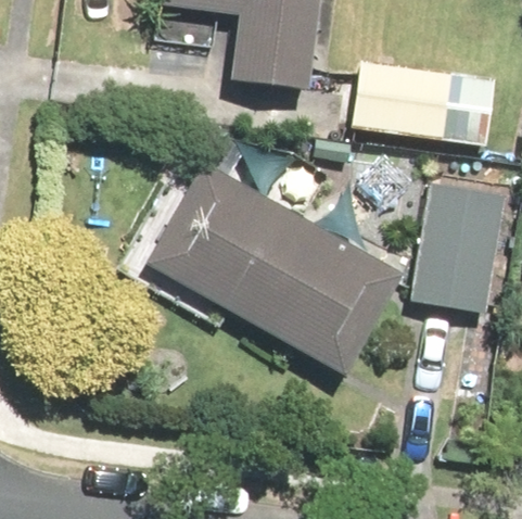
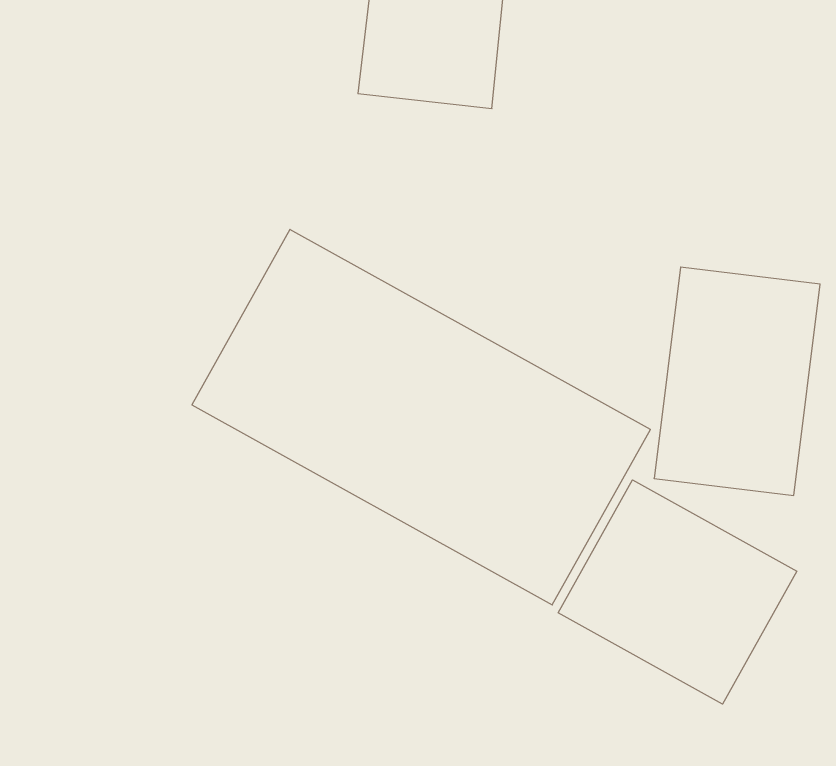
building: [354,63,499,144] -> none
building: none -> [558,480,797,704]

